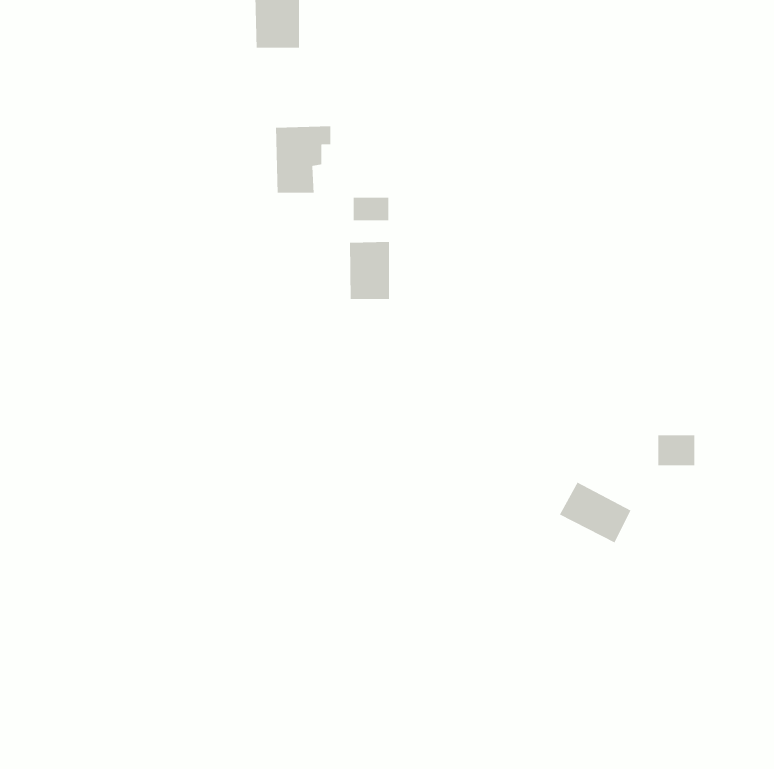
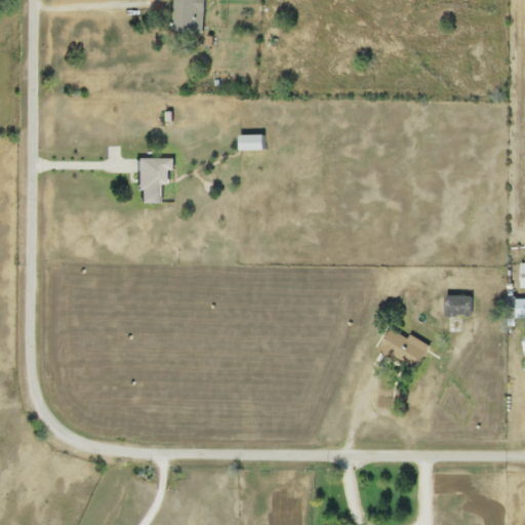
building: [275,126,331,194] -> [135,156,173,202]
building: [349,241,390,300] -> none

